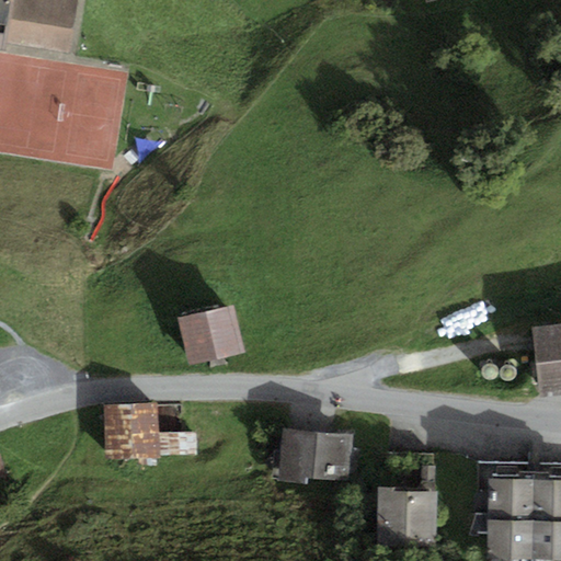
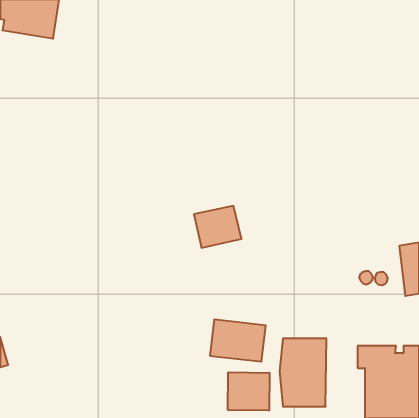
building: [180,306,243,362] -> [194,206,242,248]
building: [103,403,197,462] -> none
building: none -> [228,372,269,411]

